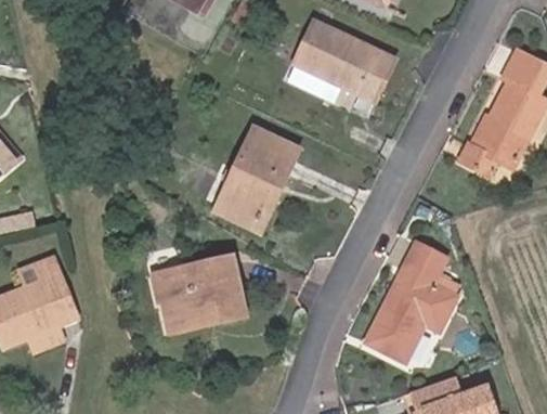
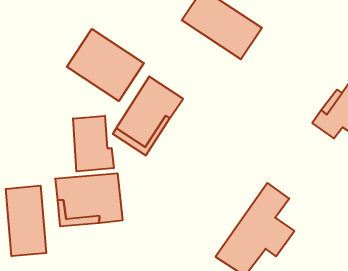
building: none -> [67,29,144,101]
building: none -> [73,116,114,171]
building: none -> [6,186,46,256]

